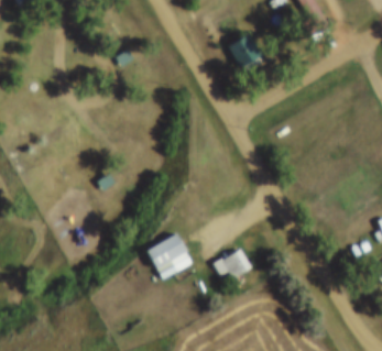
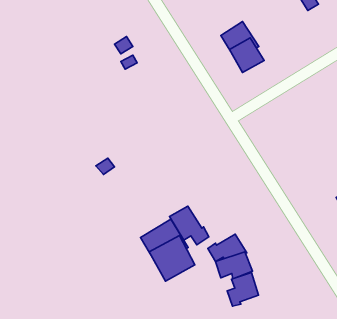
building: none -> [169,206,209,245]
building: none -> [227,273,259,306]

